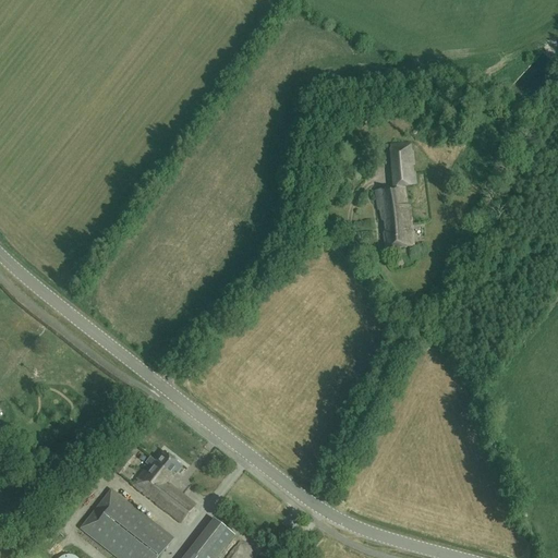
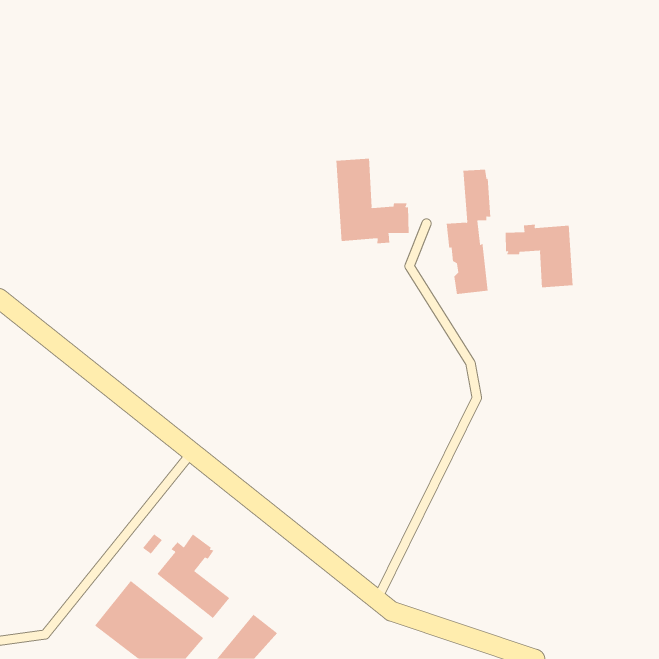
building: none -> [336,158,409,244]
building: none -> [505,224,573,288]

